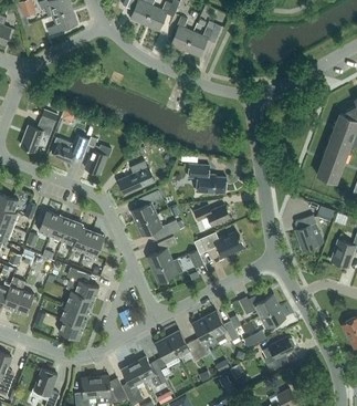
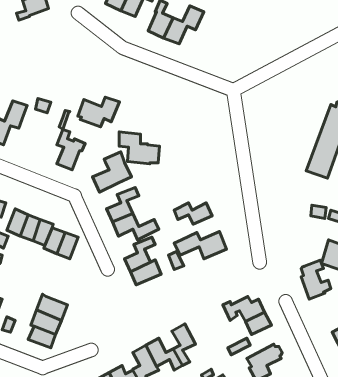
building: [51,135,90,163] -> [78,97,119,127]
building: [189,164,227,194] -> [119,132,159,164]
building: [295,215,323,251] -> [301,260,331,299]
building: [69,267,99,300] -> none
building: [204,312,239,342] -> none

